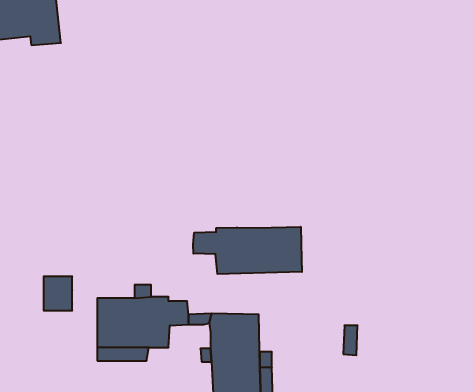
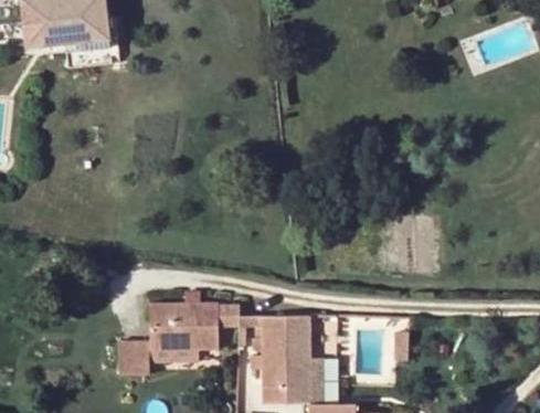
building: [193,227,302,274] -> none
building: [44,276,72,311] -> [118,337,147,371]

